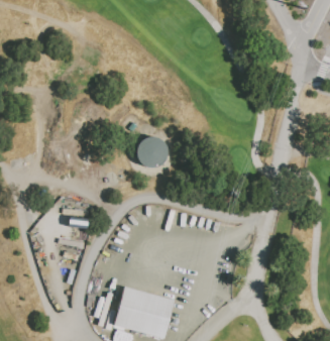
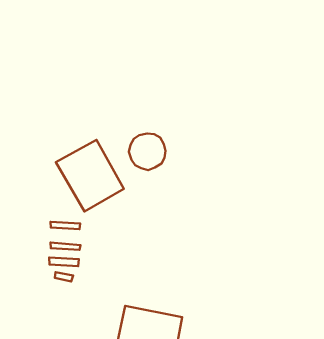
building: none -> [56,140,124,212]

